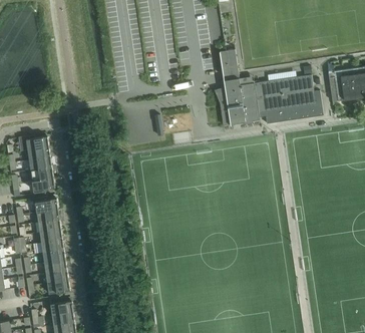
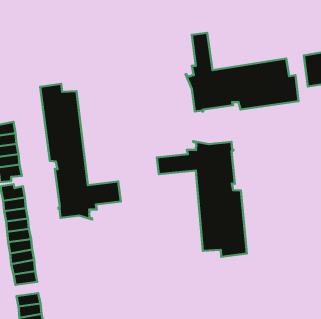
building: none -> [40,84,121,219]
building: none -> [157,141,247,257]

